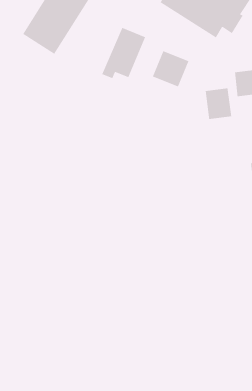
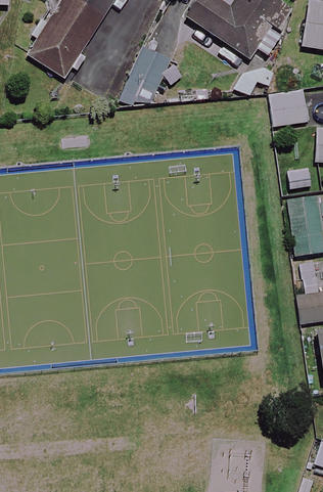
building: [152,50,189,87] -> none
building: [205,88,232,120] -> none

